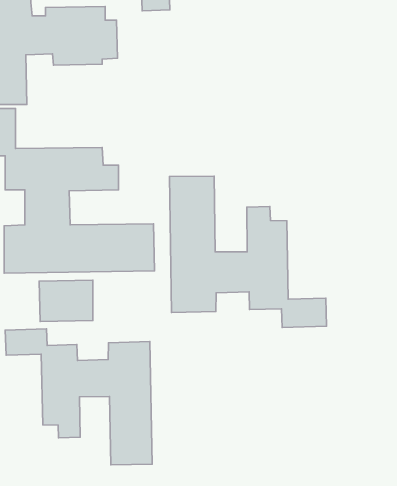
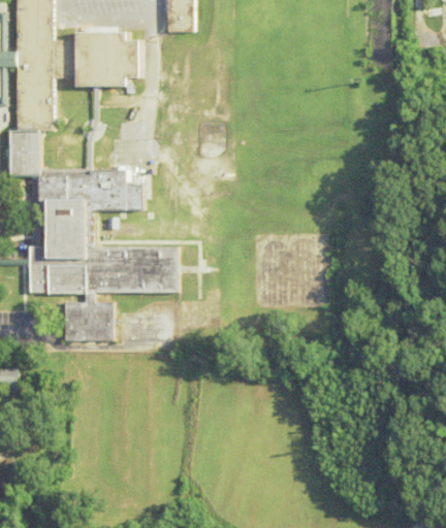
building: [170,176,327,327] -> none
building: [5,329,152,465] -> none

